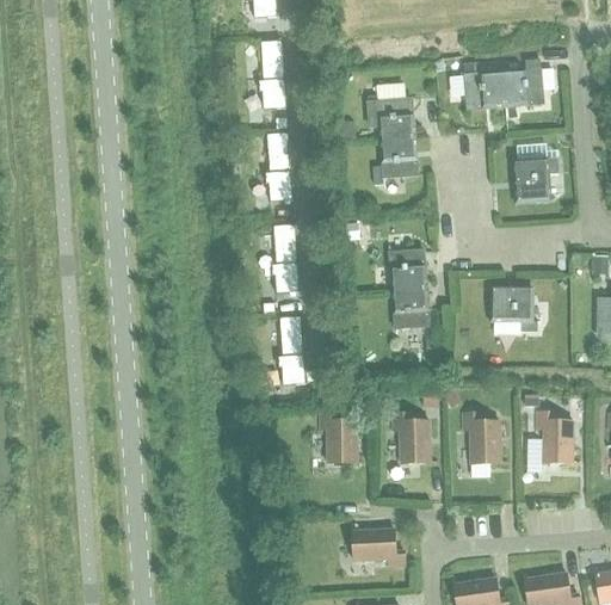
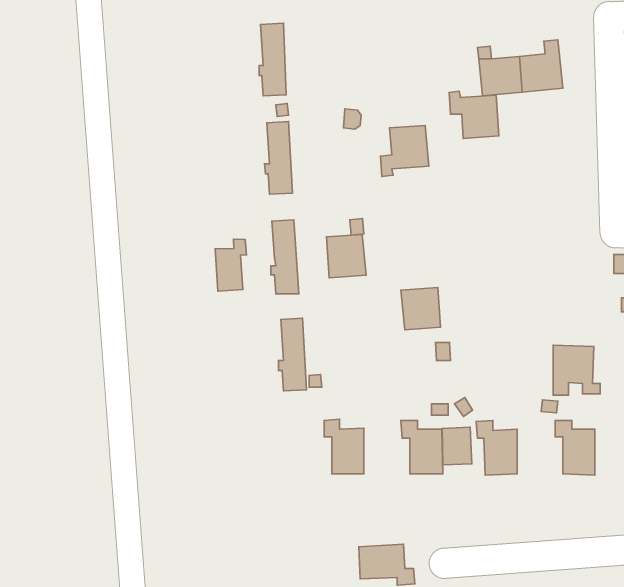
building: [368,94,414,138] -> [449,91,499,138]
building: [513,156,557,200] -> none
building: none -> [215,239,246,291]
building: [389,249,426,290] -> [327,234,366,278]
building: [493,285,537,332] -> [553,345,600,395]
building: none -> [442,427,472,465]

